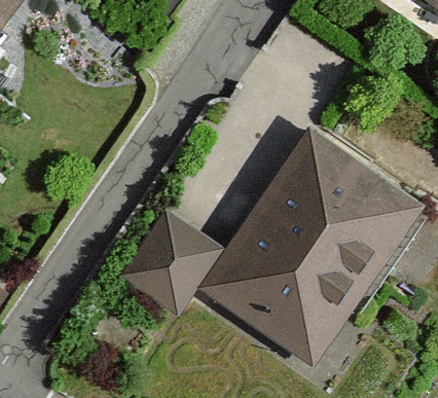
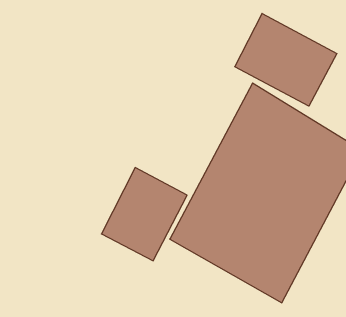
building: none -> [235,13,337,106]

